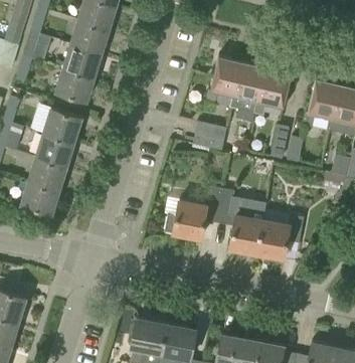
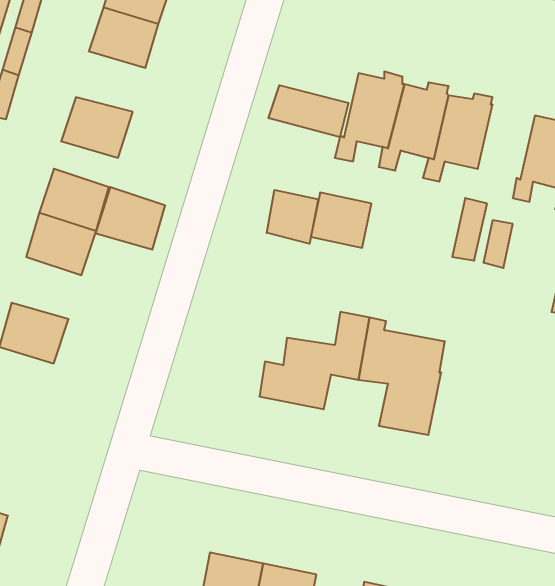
building: [63,44,102,77] -> none
building: none -> [269,85,349,137]
building: none -> [267,190,318,244]
building: [28,157,66,191] -> [95,187,165,250]
building: [256,215,303,259] -> none

